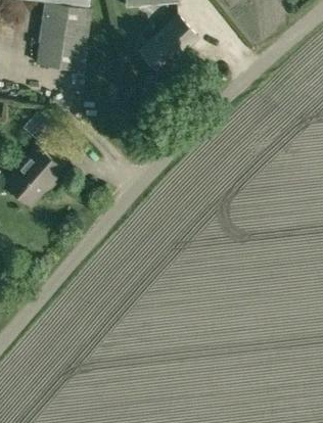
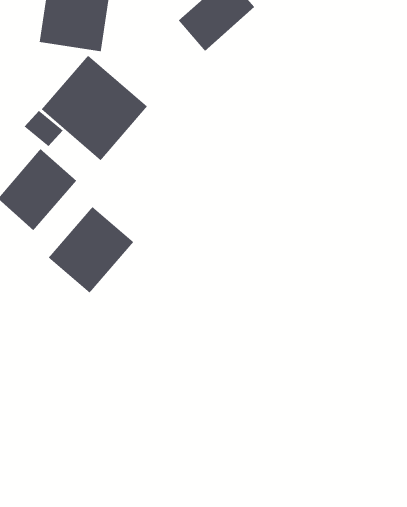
building: none -> [41,55,148,161]
building: none -> [48,206,134,293]

